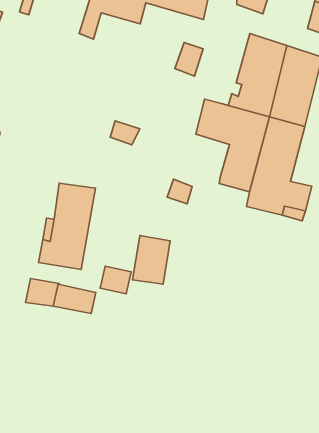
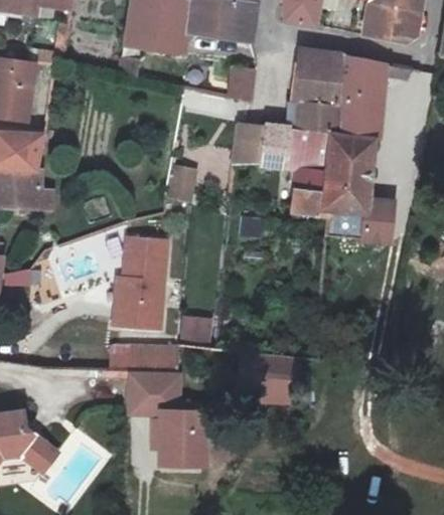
building: none -> [237,126,265,164]
building: [132,236,170,284] -> [260,356,294,404]
building: none -> [130,374,207,468]

